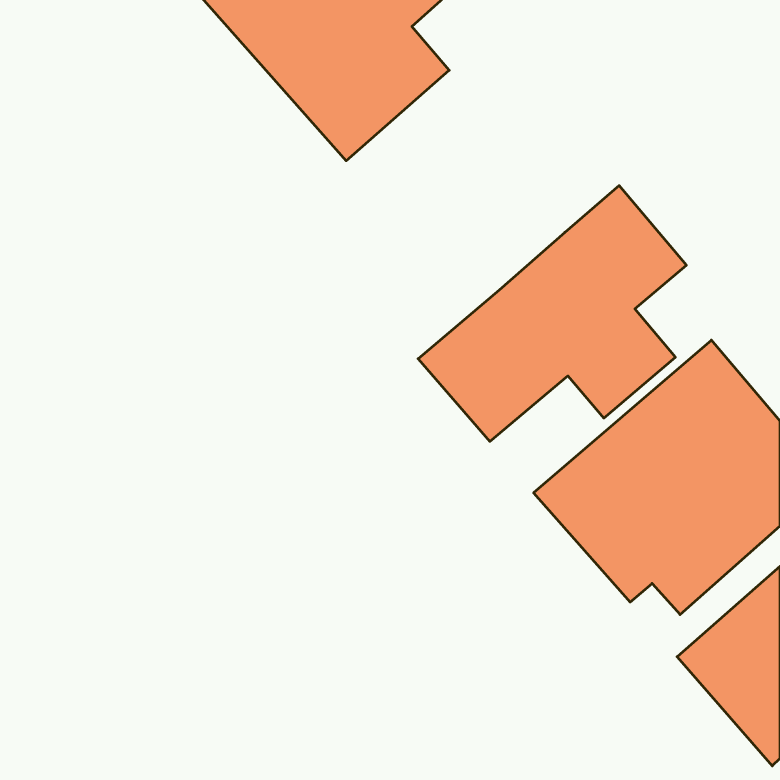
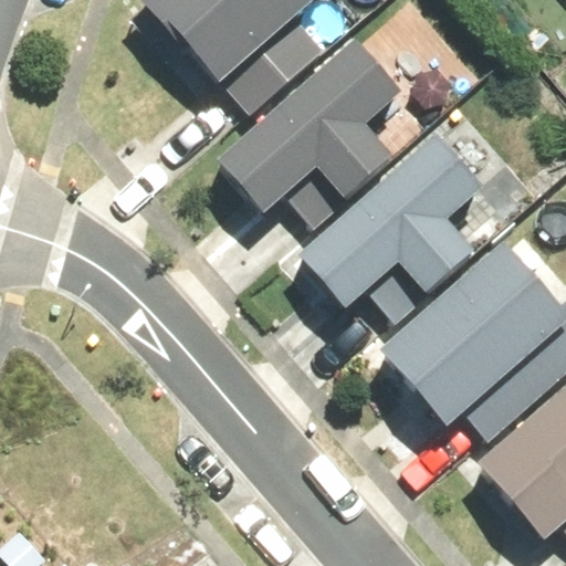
building: none -> [213,34,405,218]

